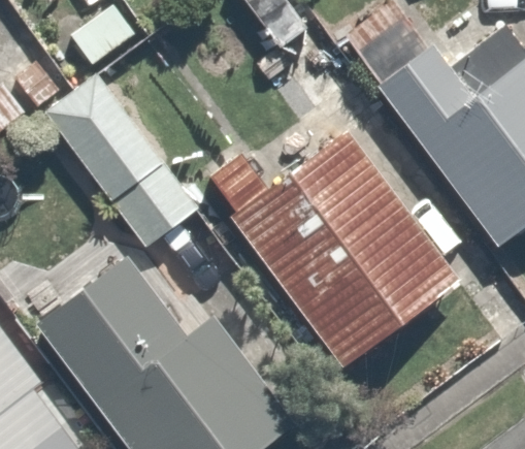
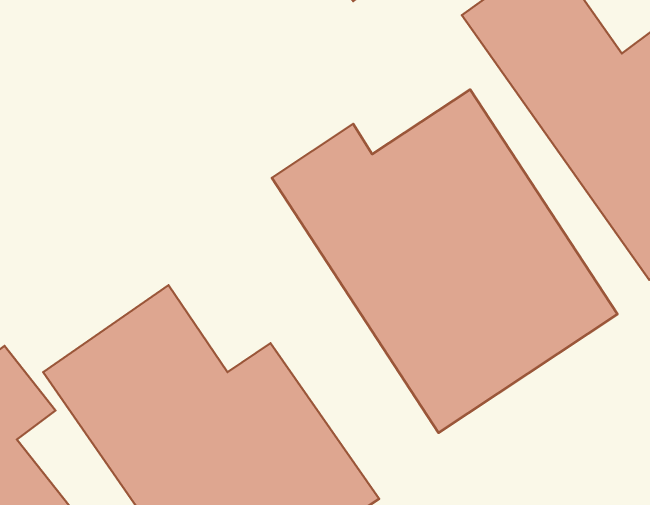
building: [33,67,195,244] -> none

